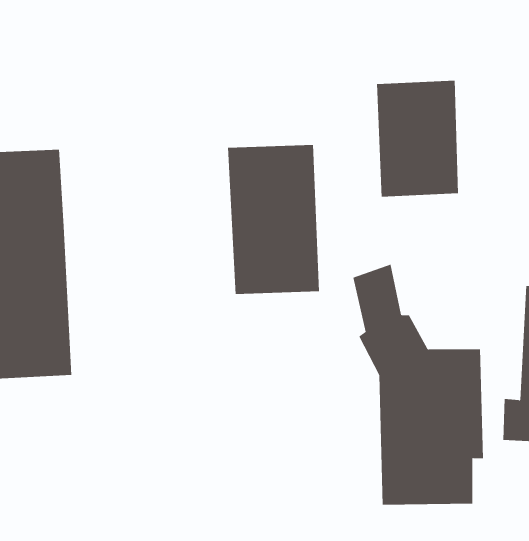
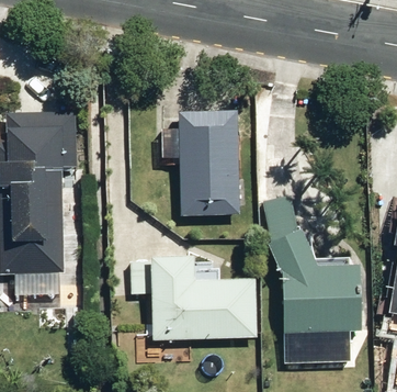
building: [376,80,458,198] -> none
building: none -> [131,257,258,341]

